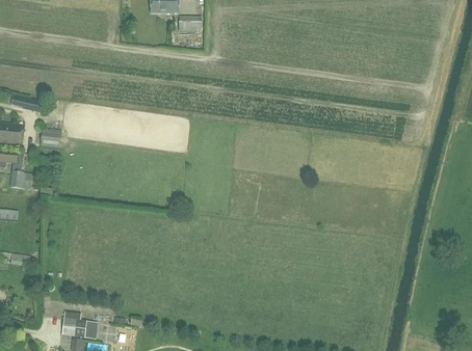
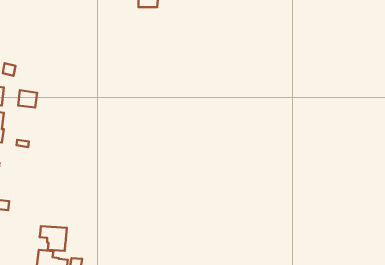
building: none -> [39,226,67,251]

